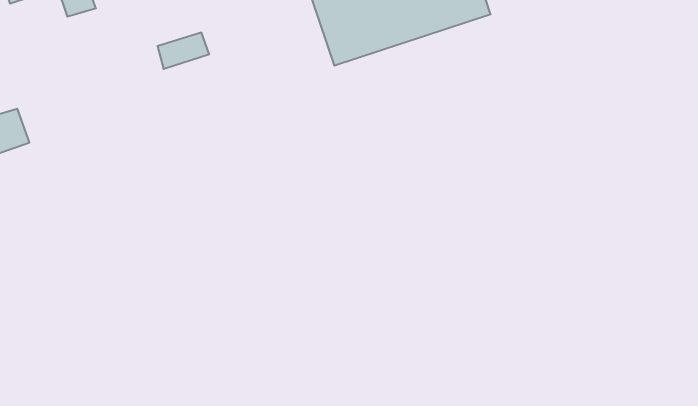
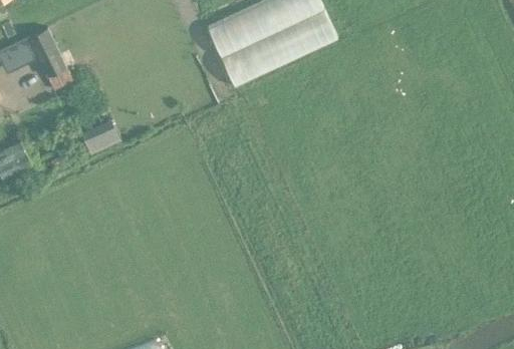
building: [157,33,209,69] -> [84,124,120,152]

